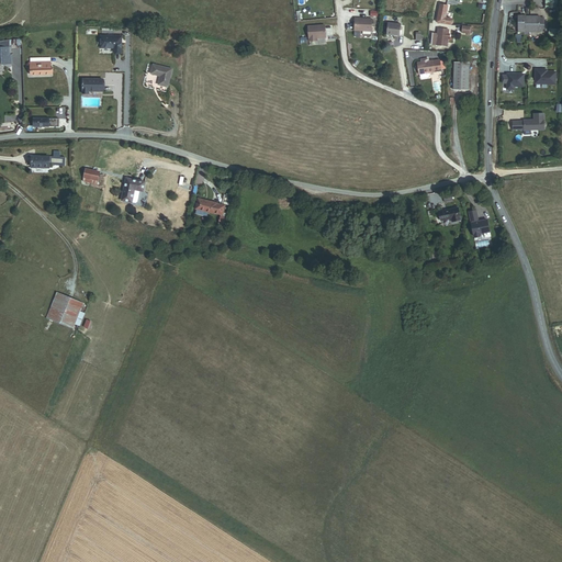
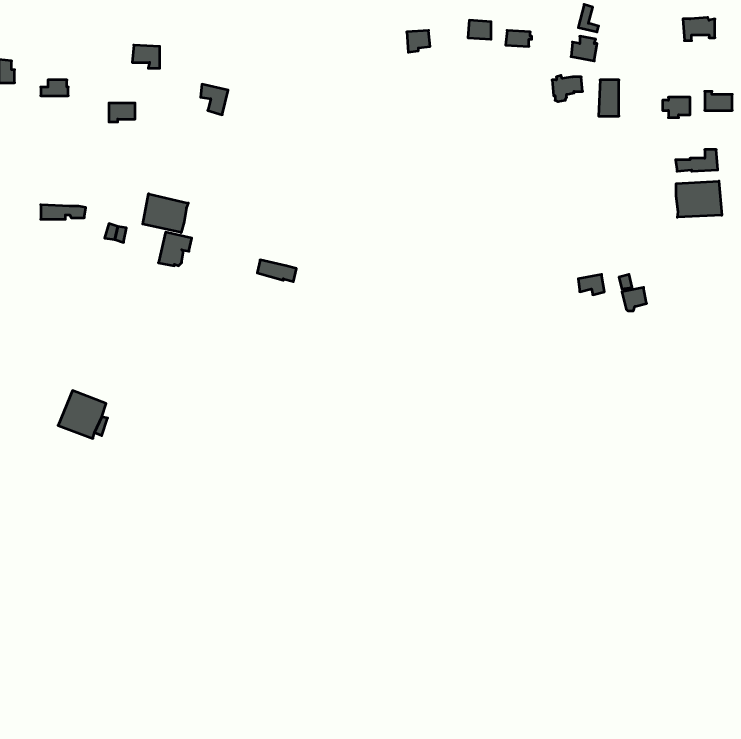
building: none -> [676,181,722,217]
building: none -> [143,194,188,233]

